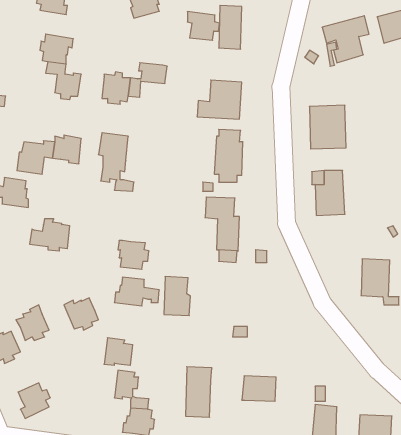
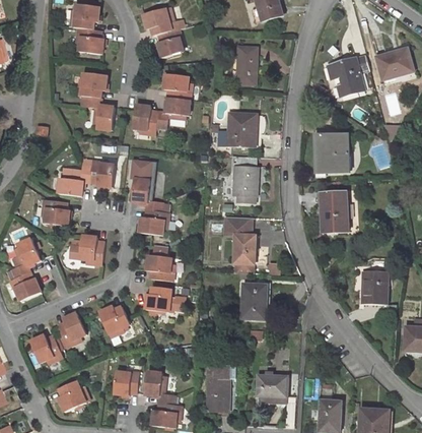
building: [187,12,219,40] -> [164,74,193,100]
building: none -> [138,210,167,235]
building: [164,277,190,316] -> [242,285,266,319]
building: [104,338,133,365] -> [114,370,139,394]

